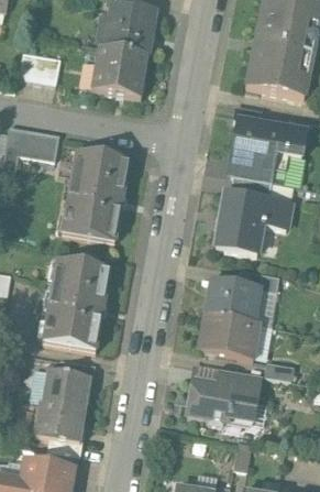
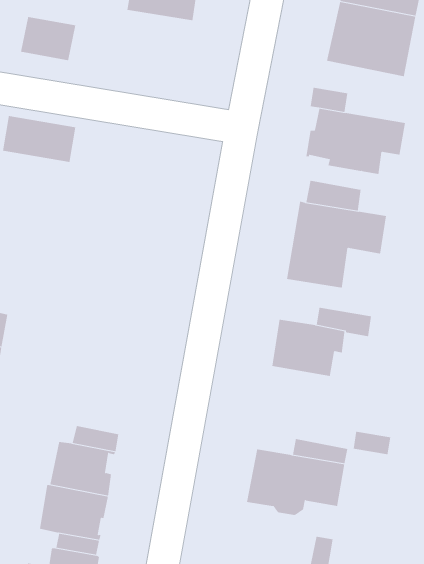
building: [91,50,146,101] -> none
building: [62,153,129,243] -> none
building: [230,157,272,183] -> none
building: [43,261,110,353] -> none
building: [198,315,258,361] -> none

